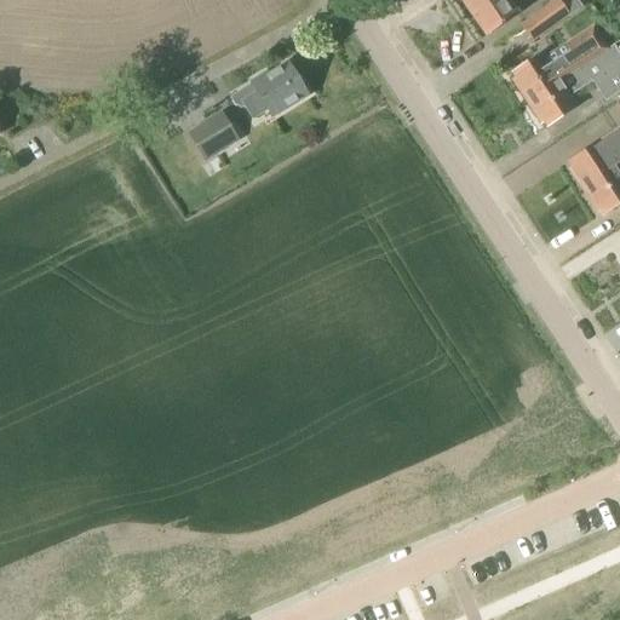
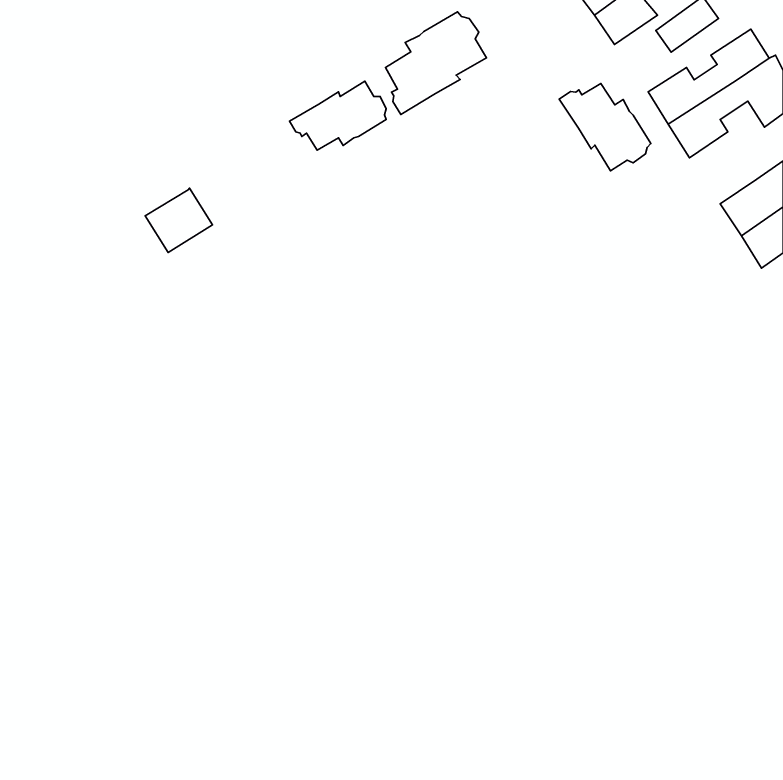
building: none -> [385,12,486,115]
building: none -> [559,83,651,171]
building: [185,110,239,161] -> [145,188,213,253]

